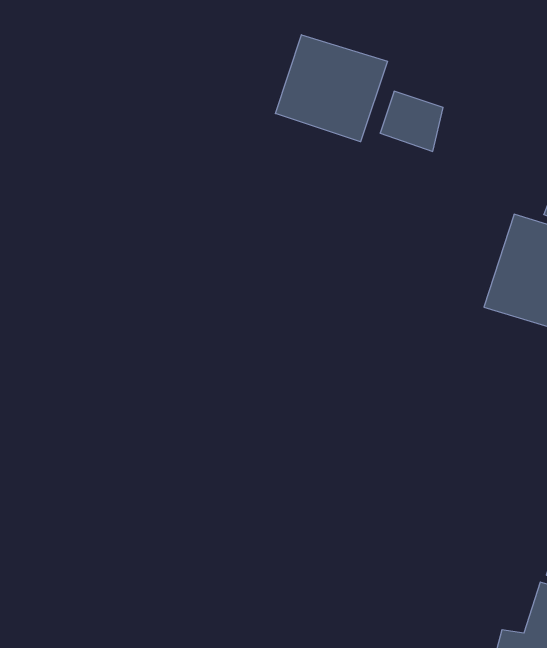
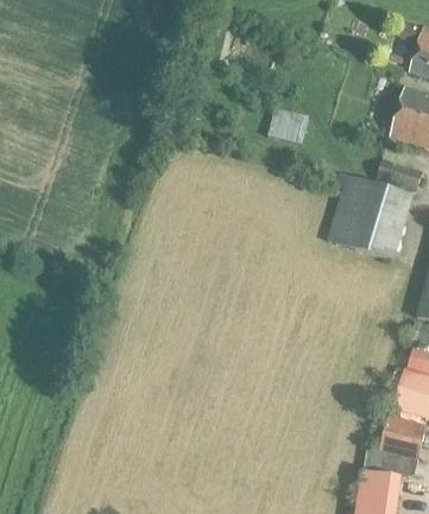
building: [275,35,387,142] -> none

